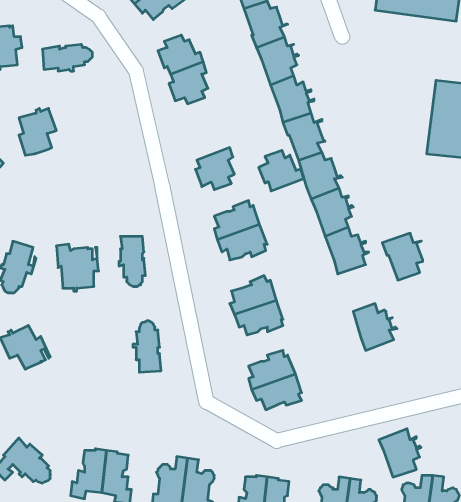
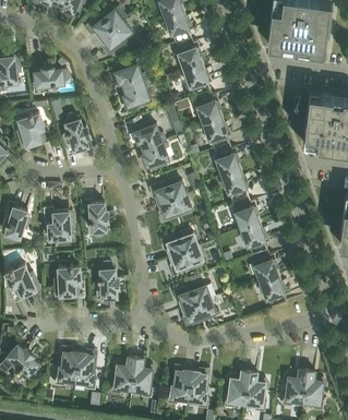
building: none -> [64,115,87,151]
building: [259,150,304,191] -> [133,121,165,149]
building: [382,233,423,280] -> [240,223,268,255]
building: none -> [55,265,80,296]
building: [379,429,421,477] -> [260,275,289,309]

